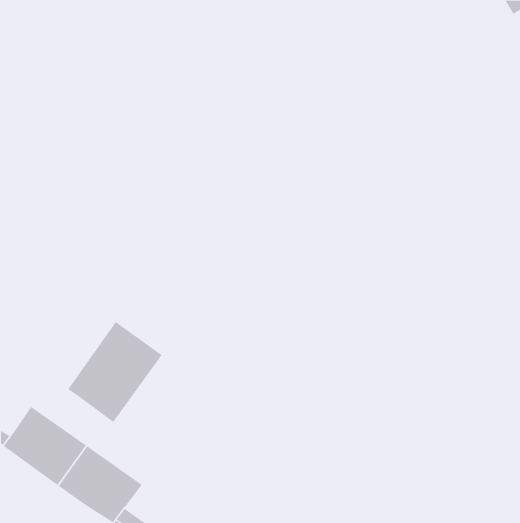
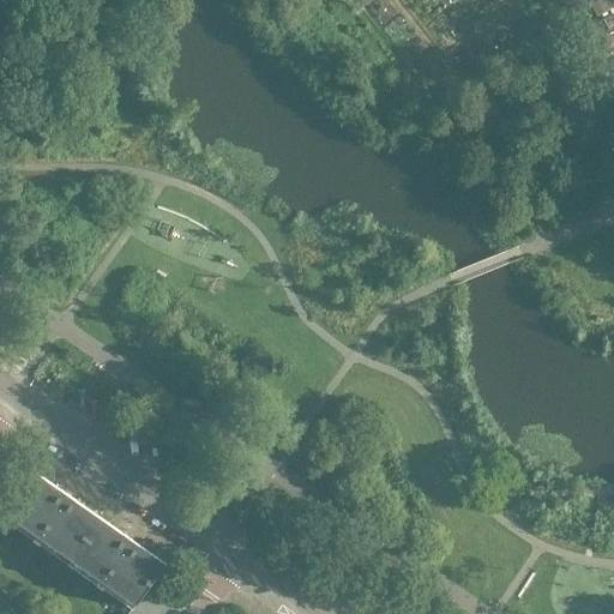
building: [68,321,163,423] -> none

